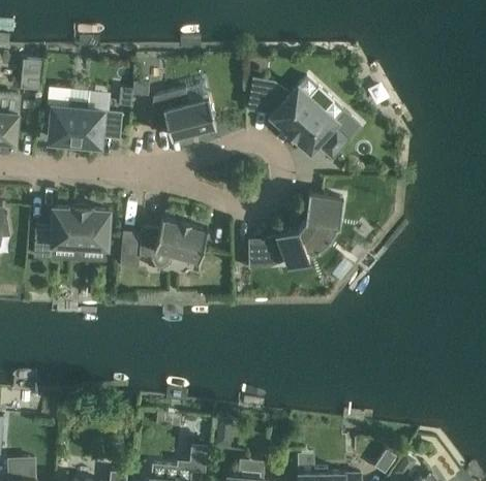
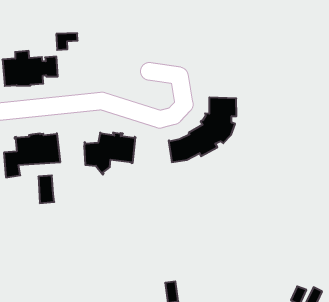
building: [247,79,348,159] -> none
building: [150,89,215,138] -> none
building: [119,231,140,266] -> [38,175,54,203]

